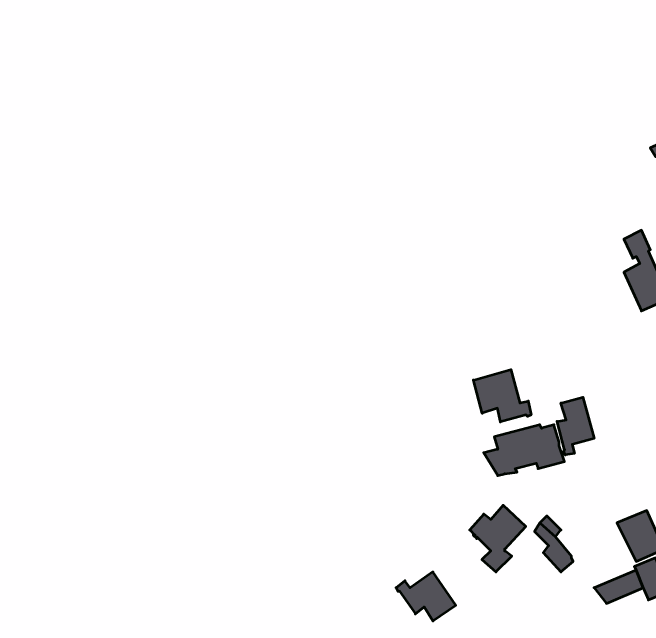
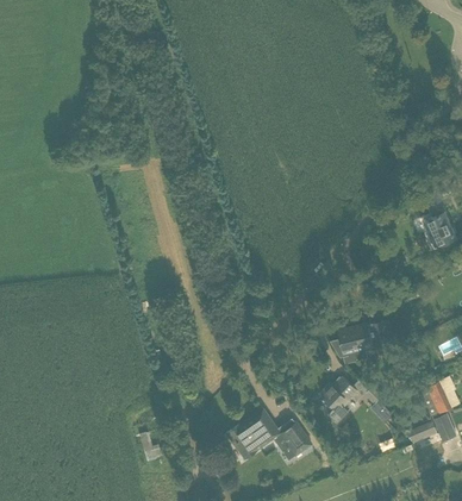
building: [473,370,531,422] -> none
building: [557,397,594,455] -> none
building: none -> [227,418,275,461]

